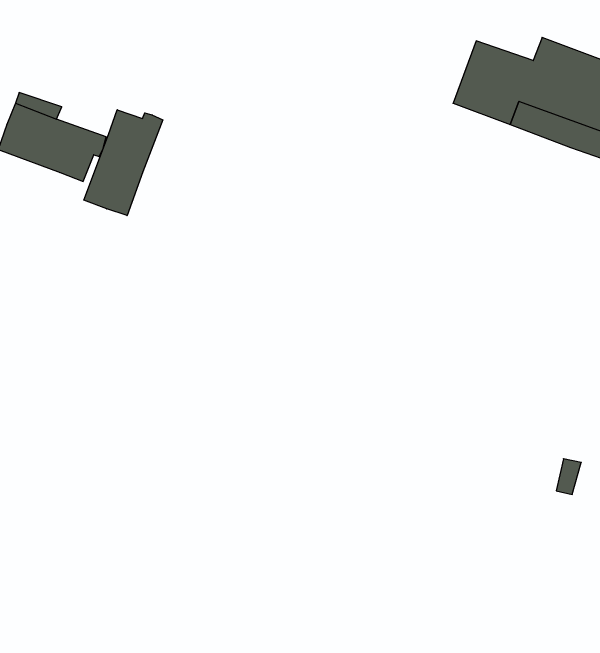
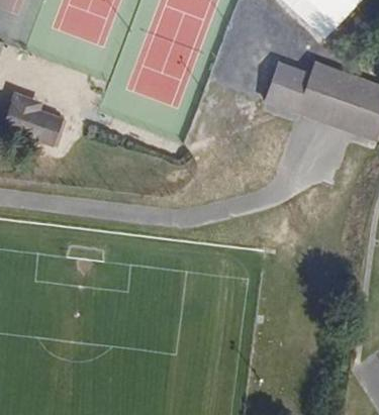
building: [84,110,163,216] -> none

